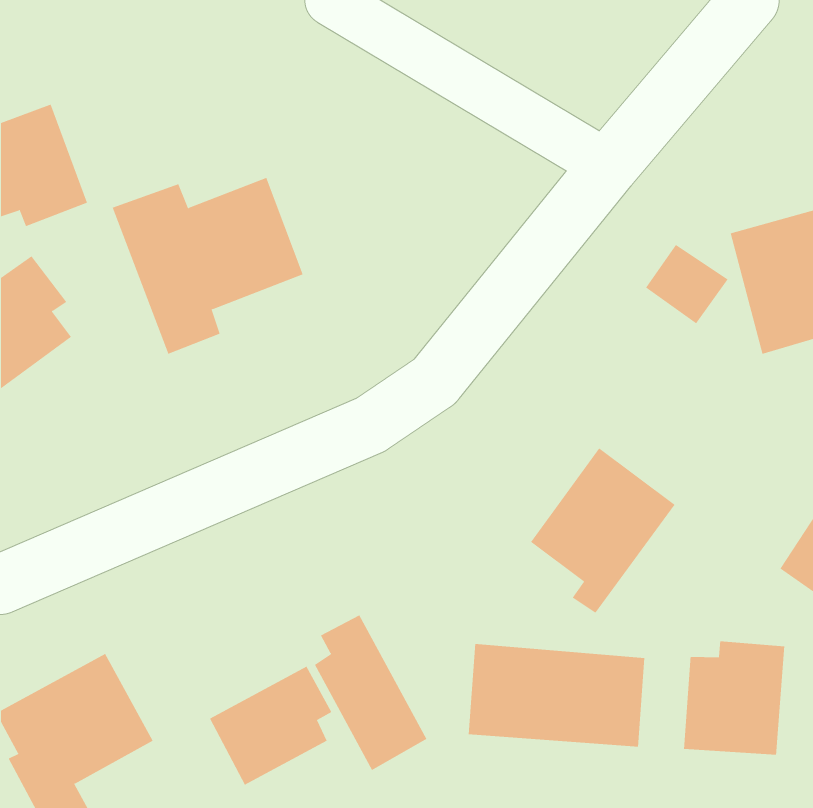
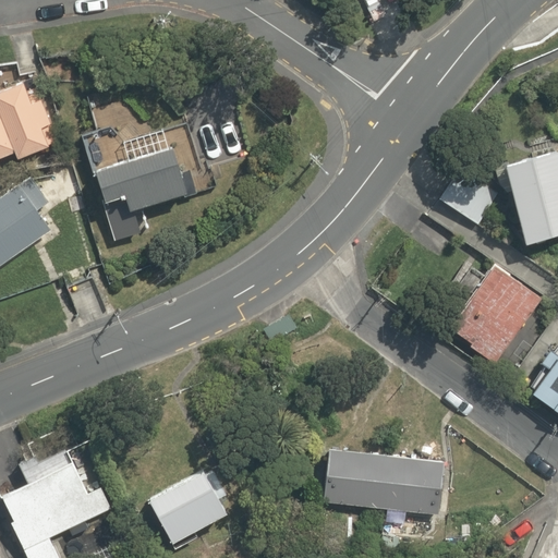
building: [530,447,676,614] -> [445,260,544,374]
building: [314,614,427,771] -> none
building: [683,640,785,755] -> none

